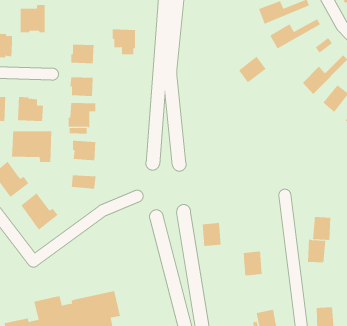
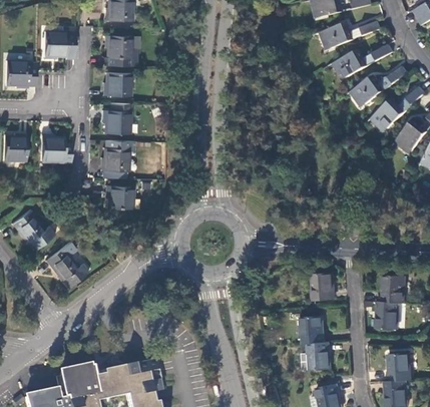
building: [112,29,136,55] -> [102,35,130,65]
building: [238,56,266,83] -> [351,74,384,106]
building: [12,130,52,163] -> none
building: [71,174,96,189] -> none
building: [202,222,221,246] -> [313,272,336,300]
building: none -> [309,341,332,369]
building: none -> [391,352,413,380]

